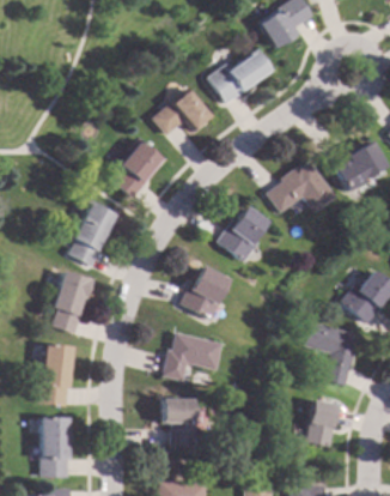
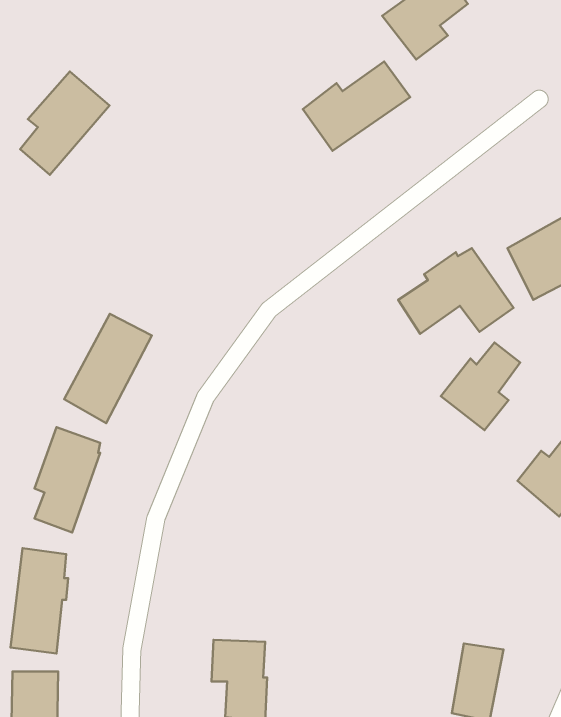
building: [159,90,218,134] -> none
building: [120,134,173,196] -> [20,72,109,175]
building: [223,207,270,260] -> [441,343,520,430]
building: [184,264,232,317] -> none
building: [306,321,355,385] -> none
building: [163,331,223,380] -> none

